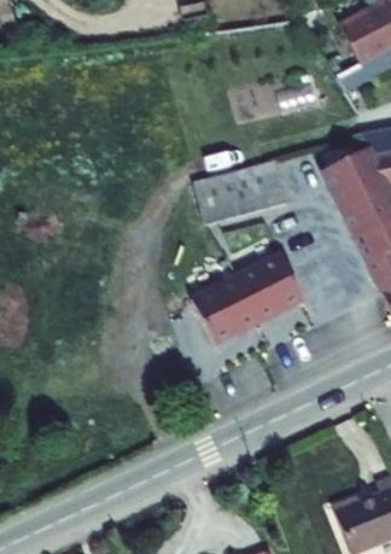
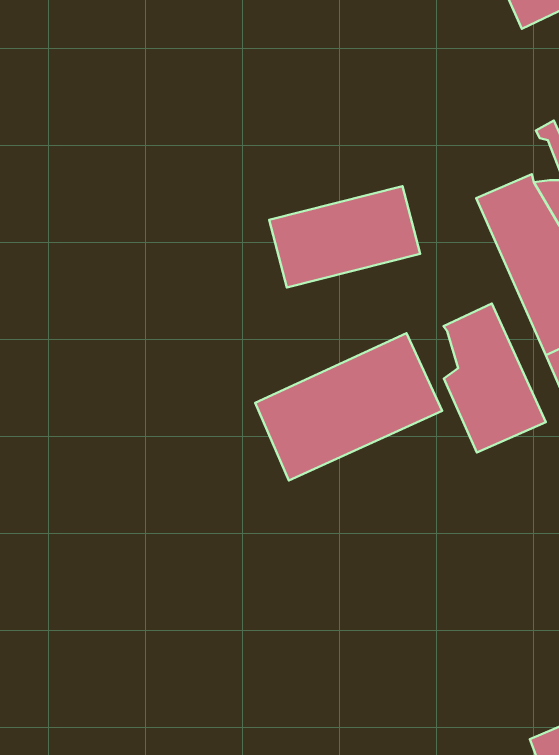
building: none -> [444,304,546,452]

